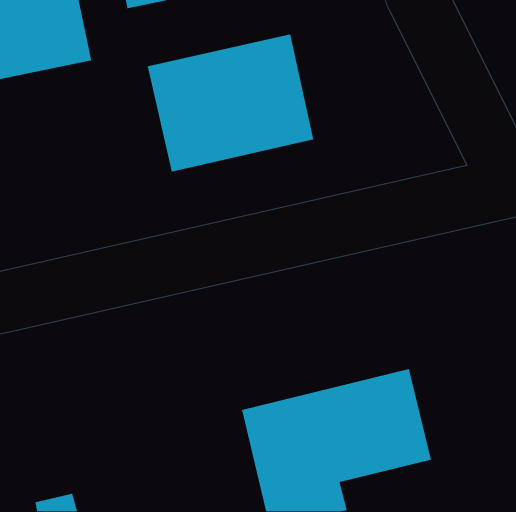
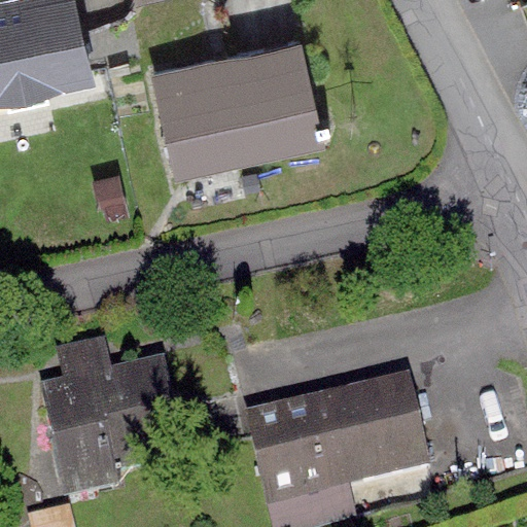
building: none -> [40,340,179,498]

